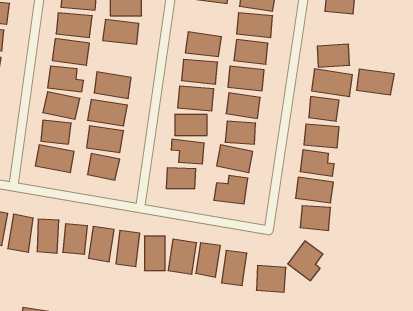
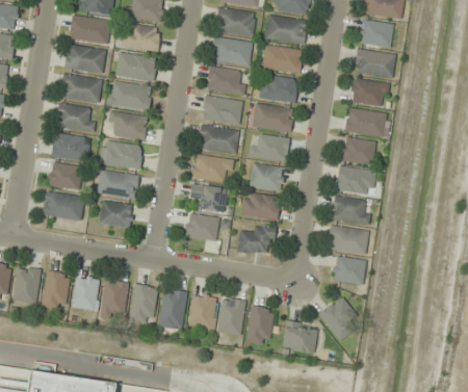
building: none -> [210,37,252,66]
building: none -> [107,81,151,110]
building: [356,69,394,95] -> [354,49,395,77]

